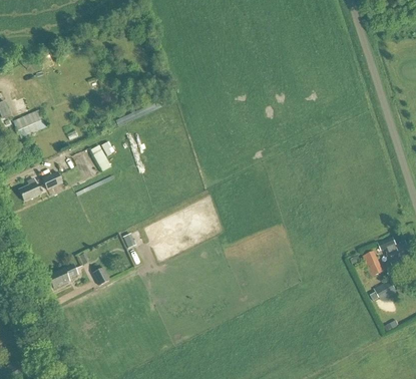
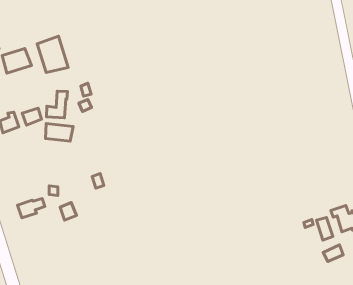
building: none -> [37,36,68,72]
building: none -> [45,123,73,141]

